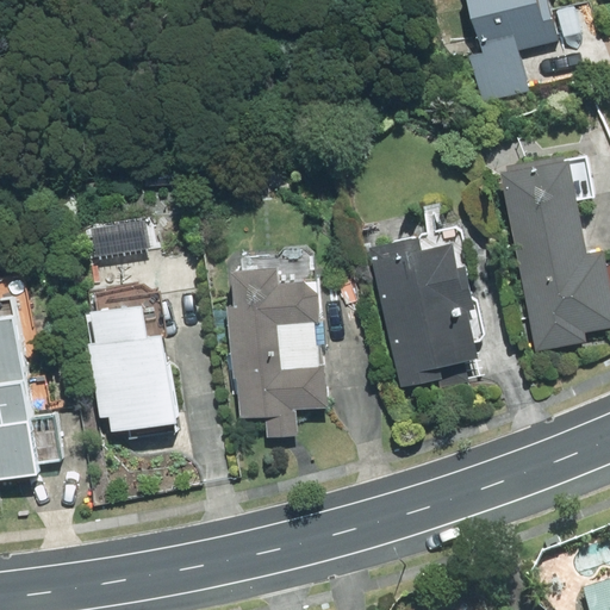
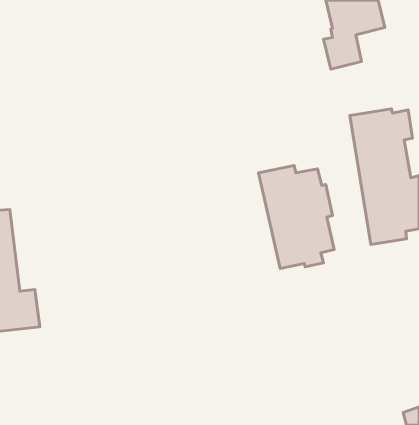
building: [228,270,328,436] -> none
building: [85,307,183,436] -> none

